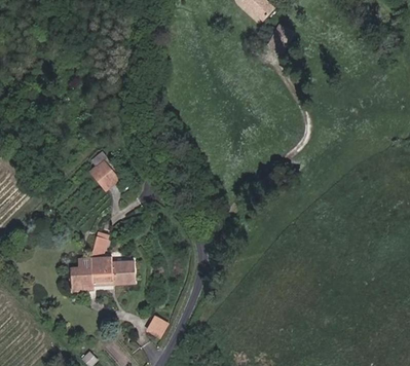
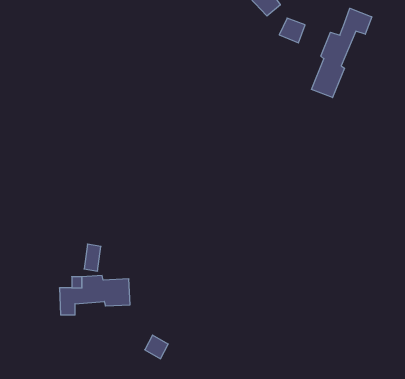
building: none -> [312,8,372,98]
building: [88,151,121,190] -> none

